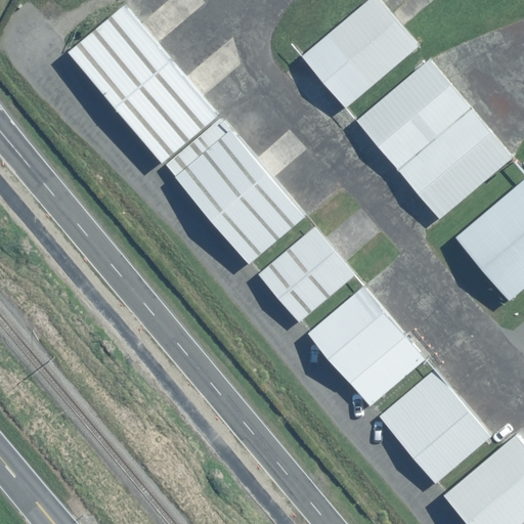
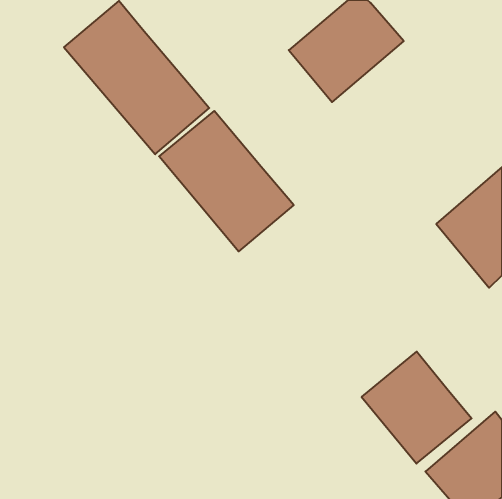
building: [355,58,514,220] -> none
building: [257,227,356,325] -> none
building: [307,287,426,407] -> none

